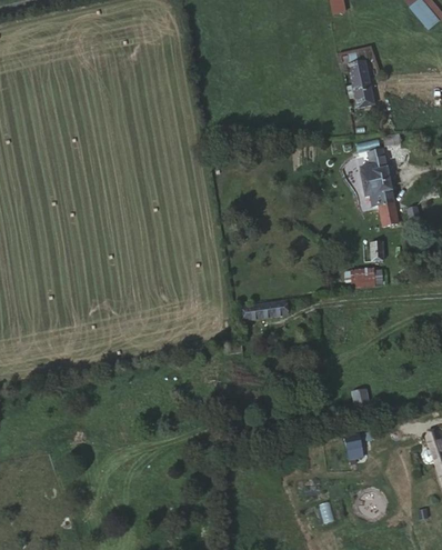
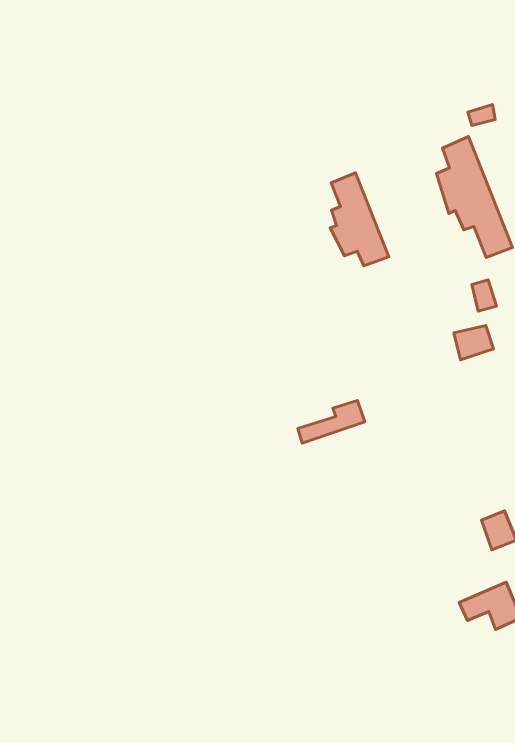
building: [349,60,373,103] -> none
building: none -> [330,173,389,266]

